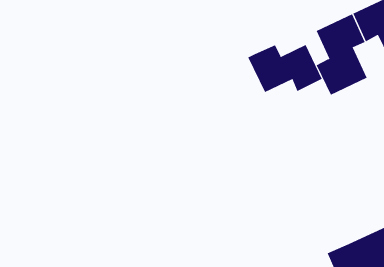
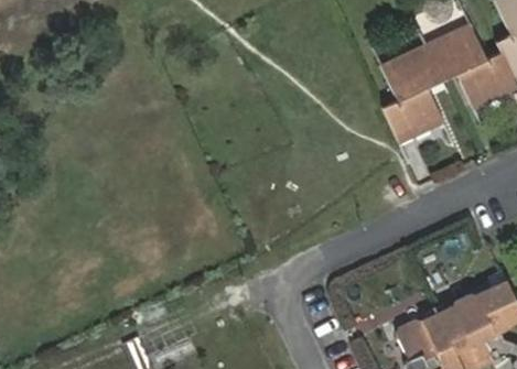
building: [247,44,322,93] -> none

